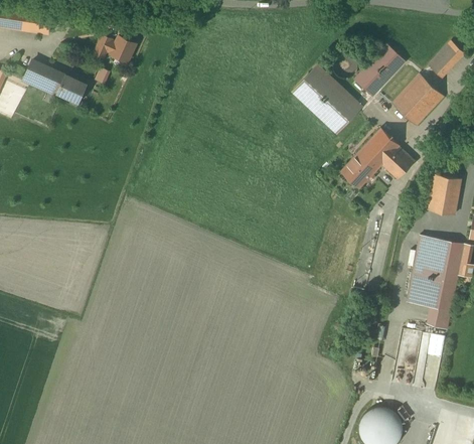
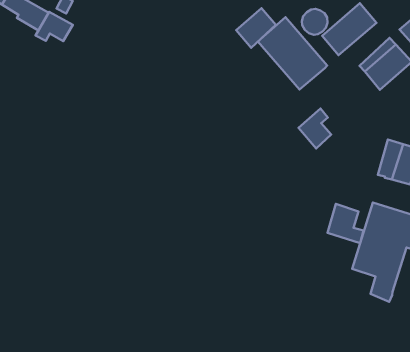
building: none -> [236,8,276,48]
building: none -> [36,12,73,41]
building: [359,127,415,179] -> none
building: none -> [328,204,363,243]

